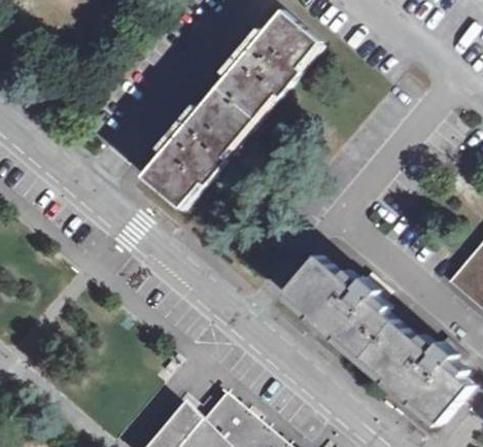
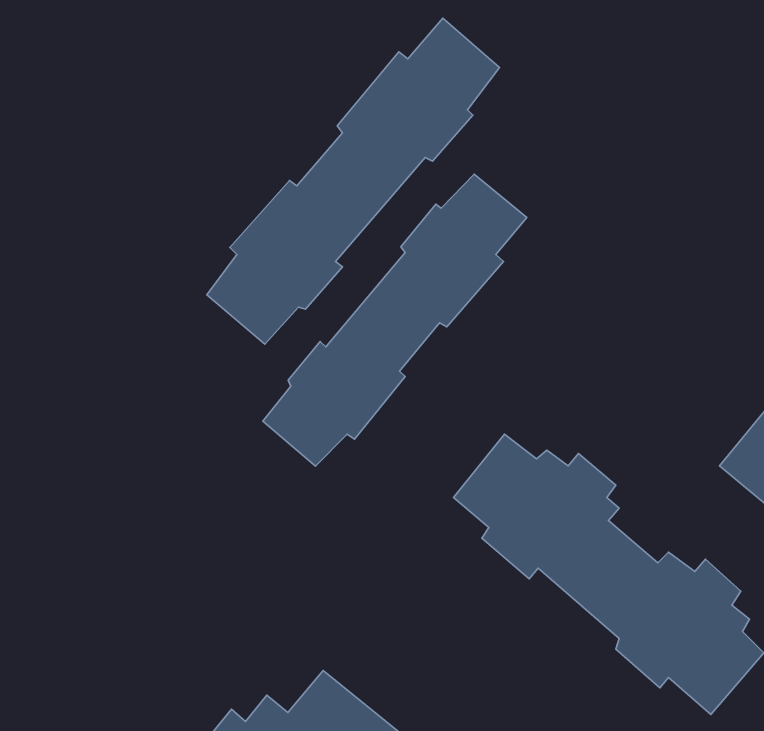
building: none -> [263,174,527,466]

